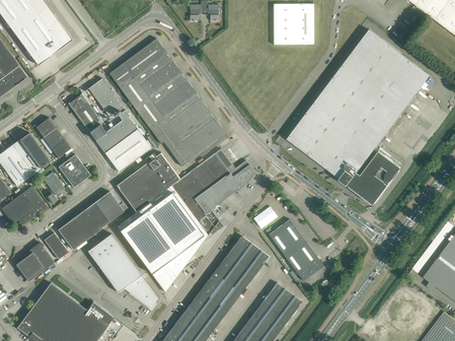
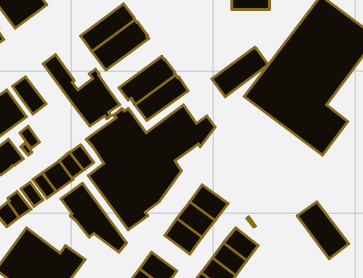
building: [137,76,198,130] -> [212,47,268,97]
building: [88,78,123,116] -> none
building: [59,154,90,188] -> none
building: [269,219,324,281] -> [297,202,349,259]
building: [186,290,228,329] -> none

